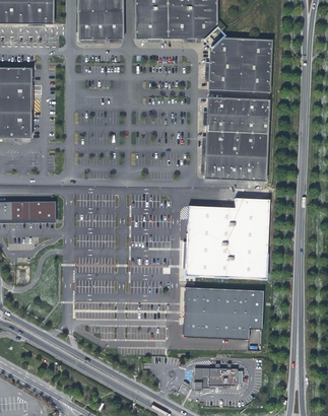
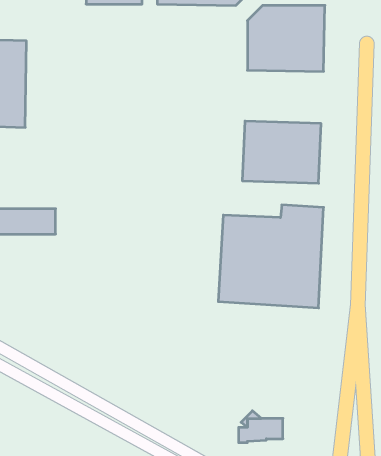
building: [207,97,269,134] -> none
building: [184,288,264,340] -> none

